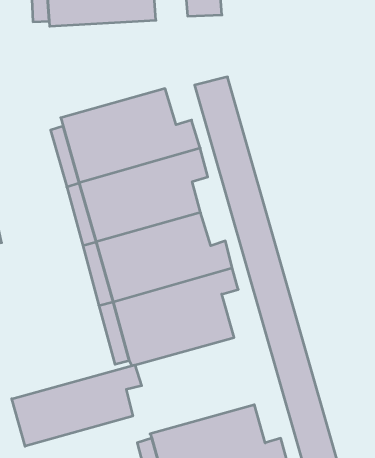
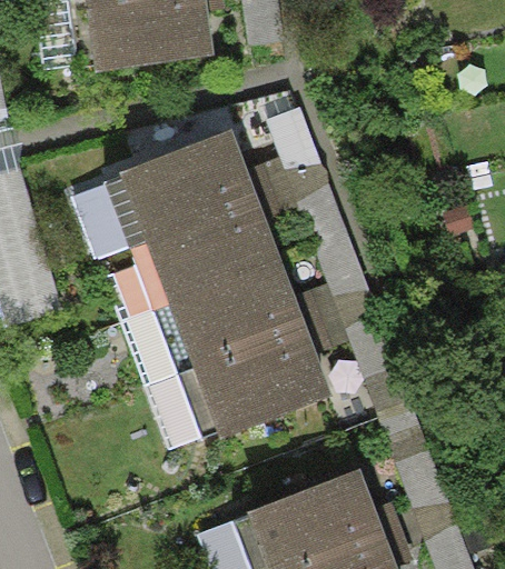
building: [12,365,142,446] -> none

